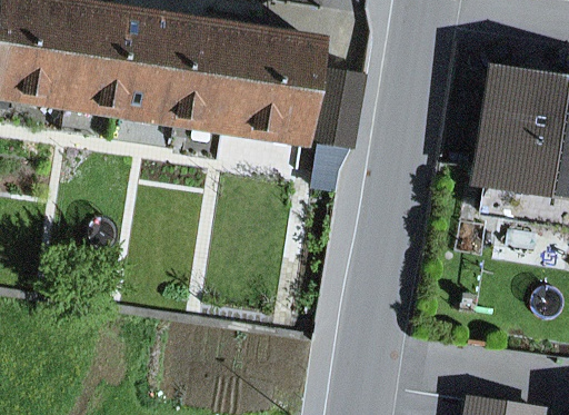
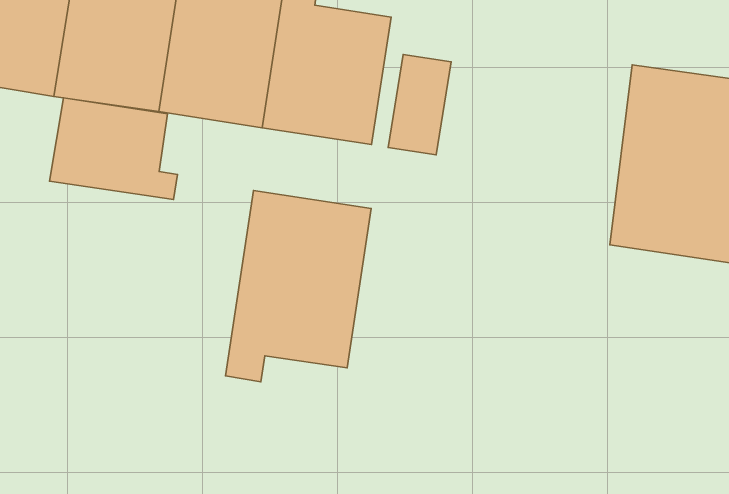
building: none -> [50,98,178,200]
building: none -> [225,191,371,382]

